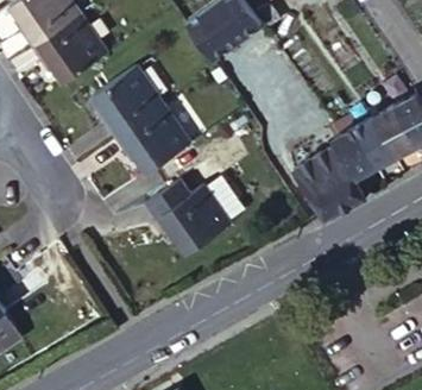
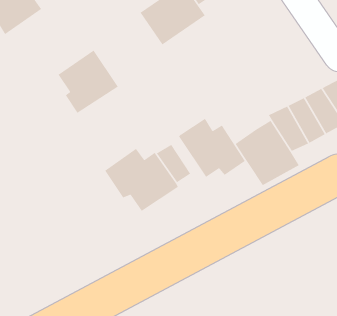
building: [33,15,103,81] -> none
building: [116,105,190,172] -> none
building: none -> [178,118,246,178]

